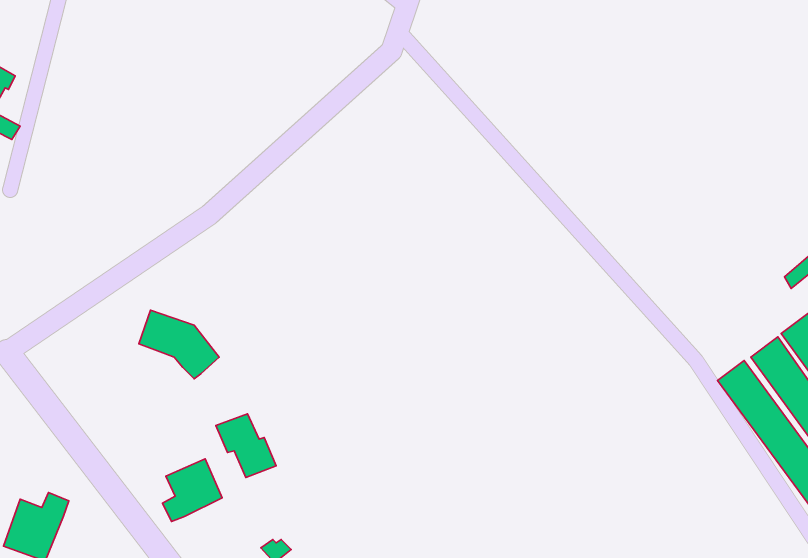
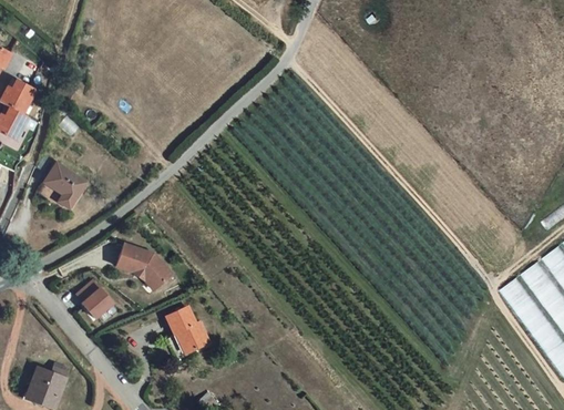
building: none -> [43,164,86,211]
building: none -> [76,279,111,317]
building: [162,459,222,522] -> none

